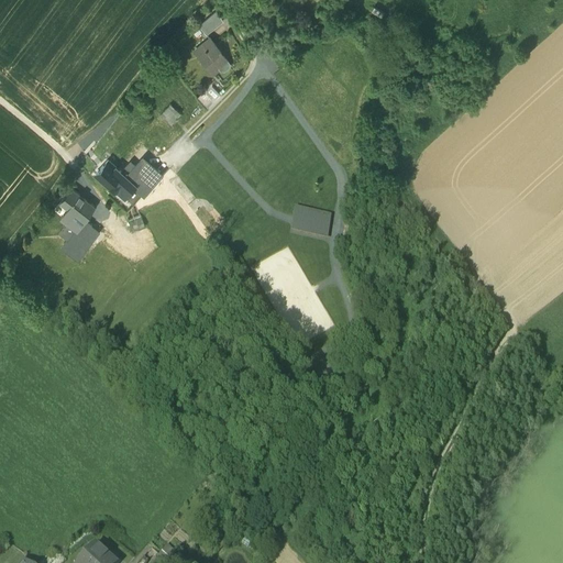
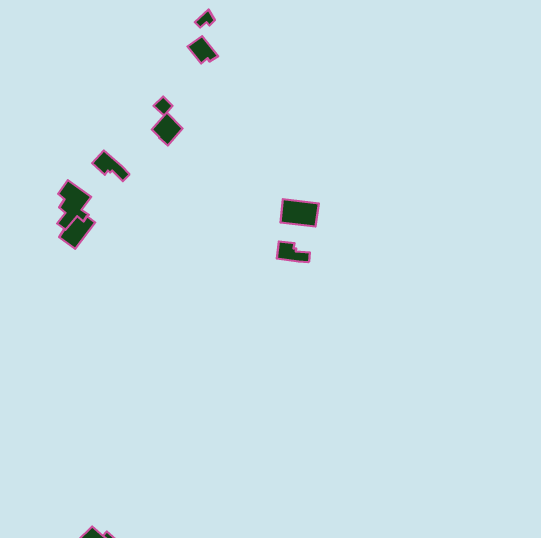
building: [126,158,158,192] -> [152,113,183,145]
building: none -> [277,241,310,262]

